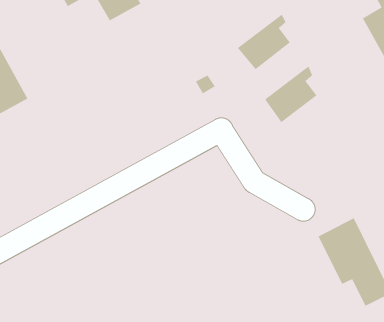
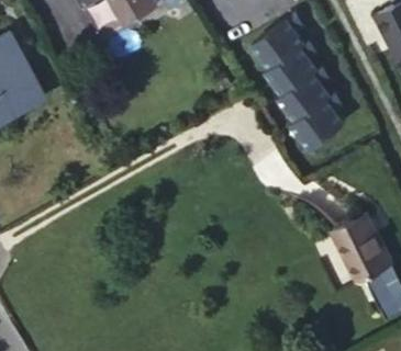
building: none -> [265,42,318,98]
building: none -> [291,93,345,151]

